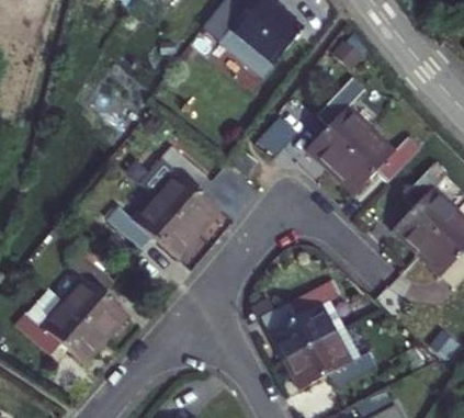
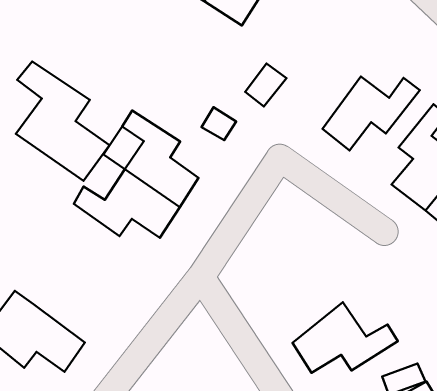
building: [305,82,367,174] -> none
building: none -> [16,61,110,181]
building: [65,252,127,342] -> none
building: [271,279,340,359] -> none

